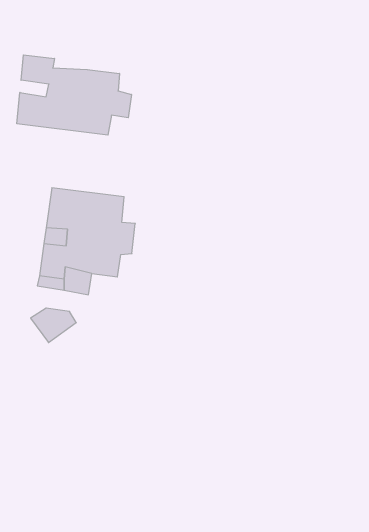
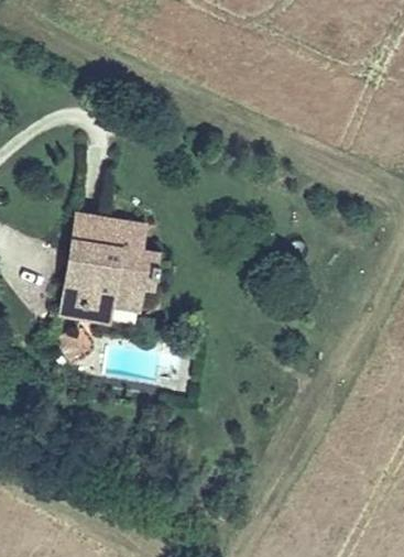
building: [17,55,131,135] -> none

